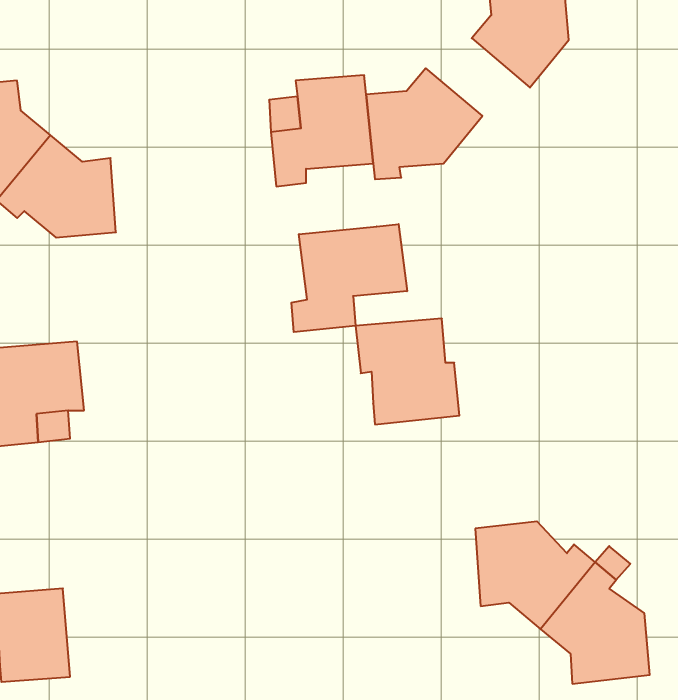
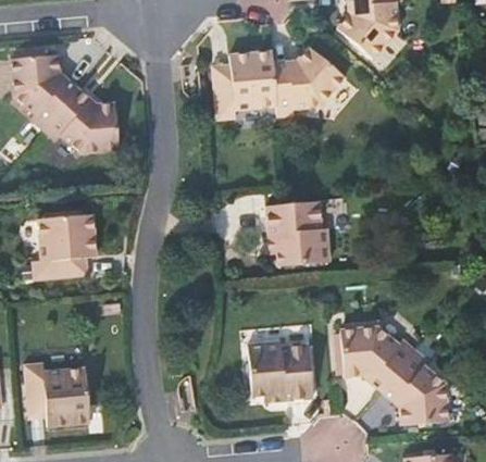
building: [291,224,407,332] -> none
building: none -> [247,341,313,400]

